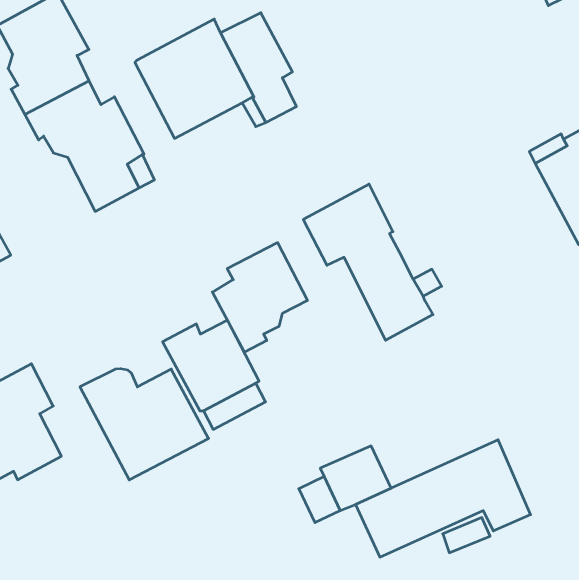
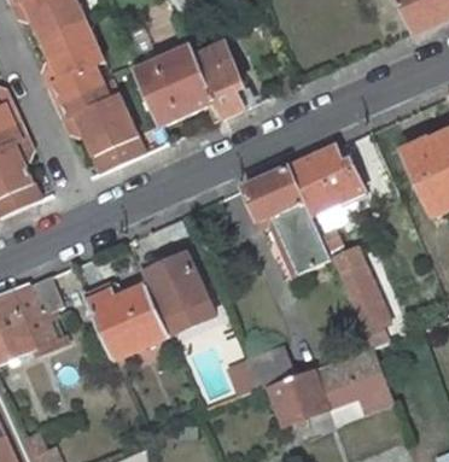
building: none -> [292,146,365,214]
building: [212,243,307,352] -> none
building: none -> [331,245,390,347]

